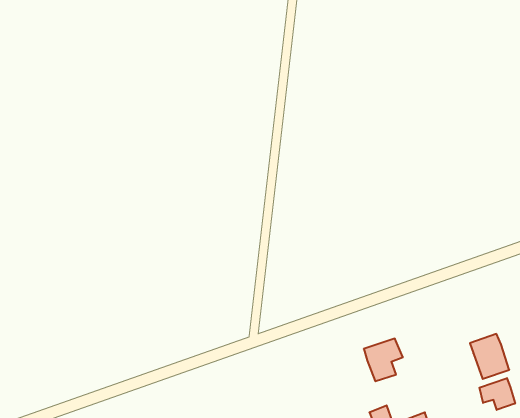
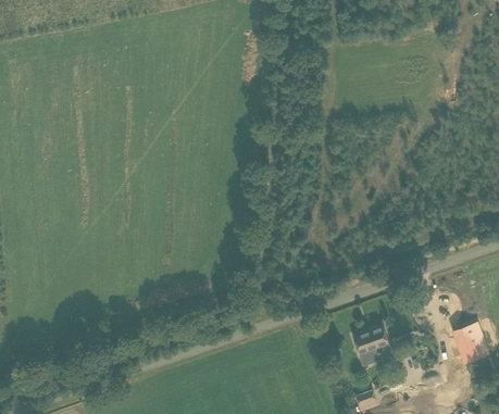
building: [479,378,515,410] -> none

